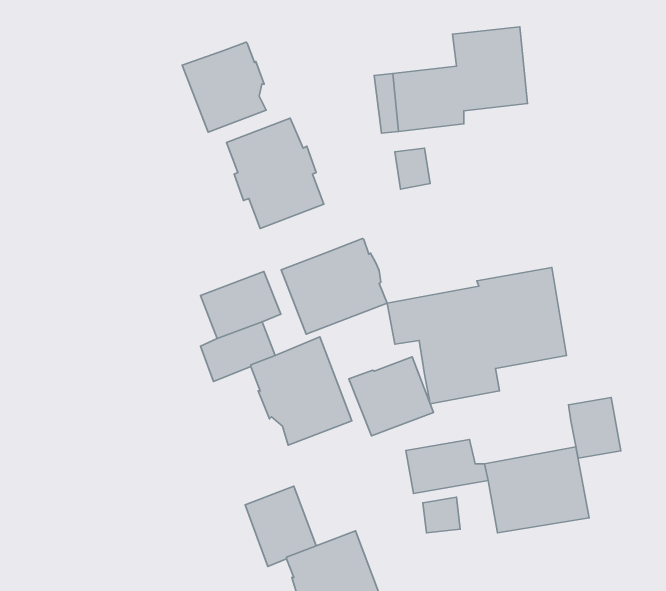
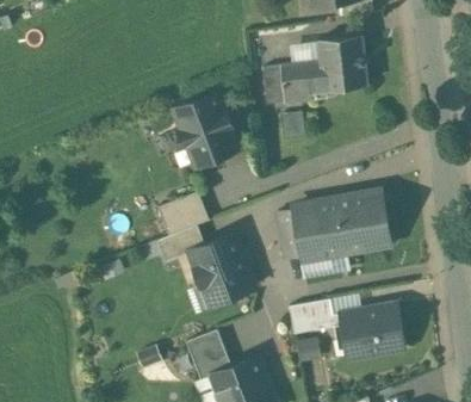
building: [182,42,266,132] -> none
building: [281,239,387,334] -> none
building: [349,357,434,436] -> none
building: [568,397,621,458] -> none

